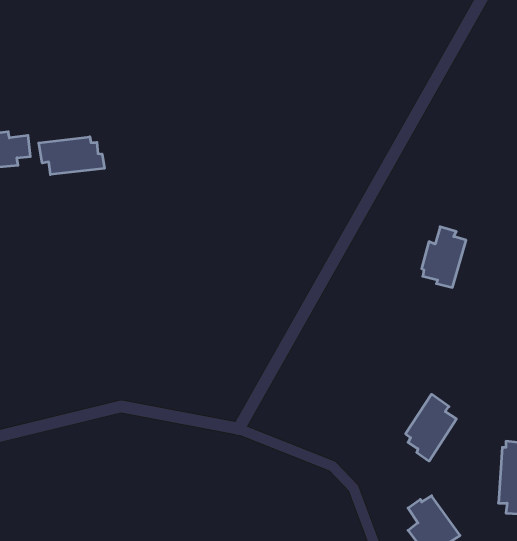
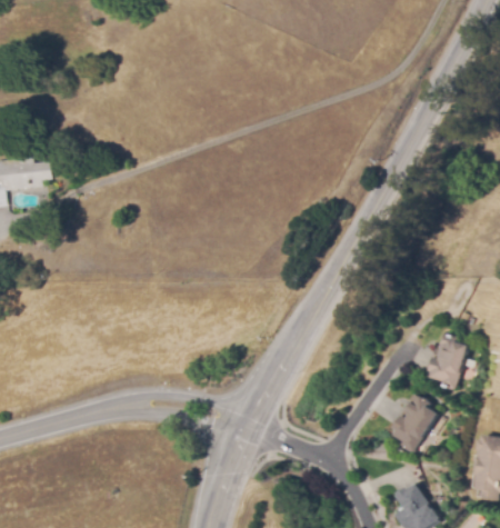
building: [39,137,104,175] -> none
building: [422,227,466,287] -> [427,333,467,388]

